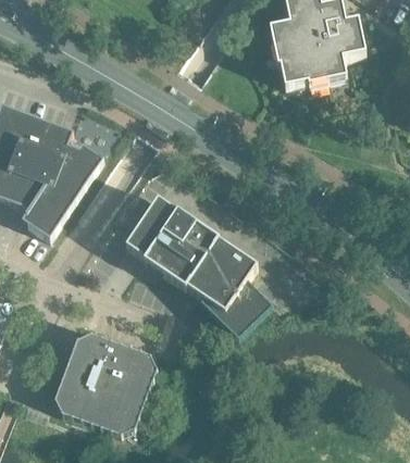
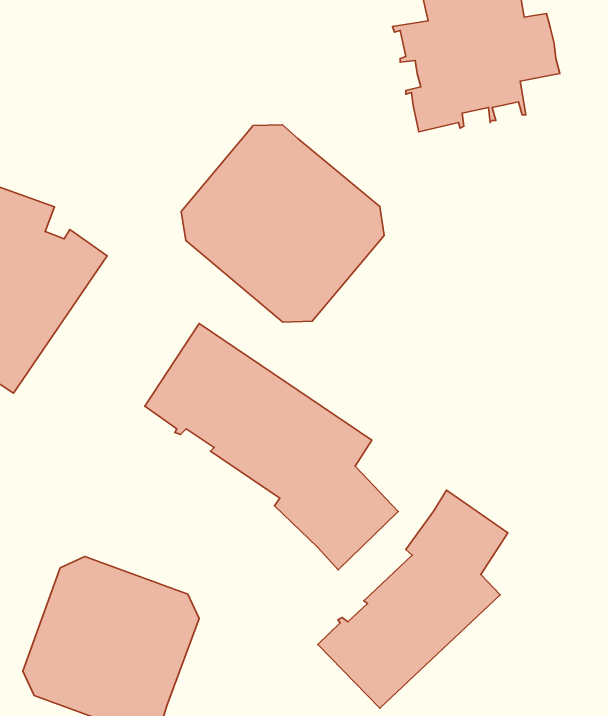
building: none -> [181,125,384,322]
building: none -> [318,490,508,708]

